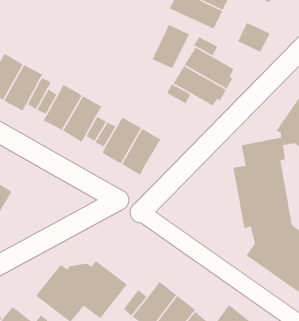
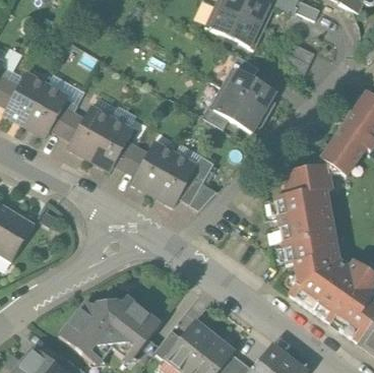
building: [152,24,190,69] -> none
building: none -> [177,154,215,210]

